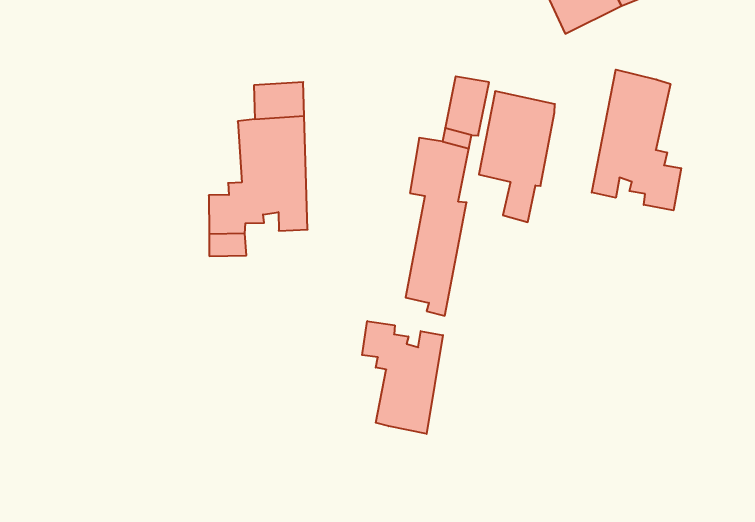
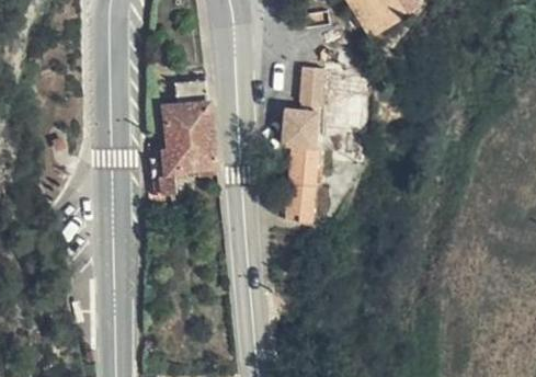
building: [592,70,681,210] -> none
building: [362,321,443,434] -> none

